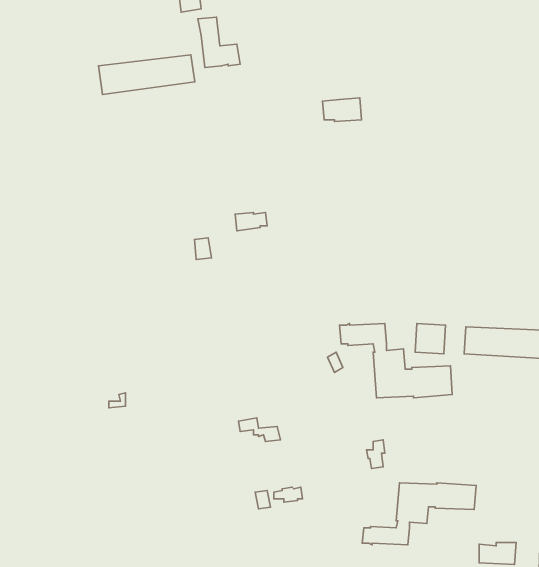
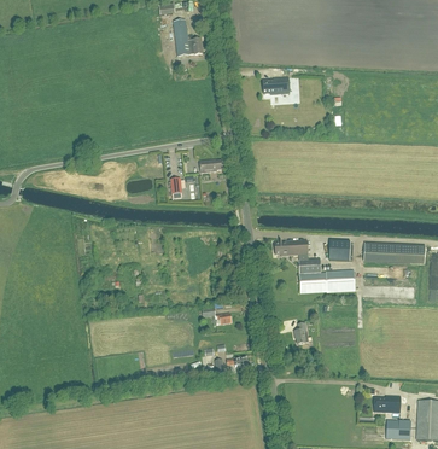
building: [99,55,195,95] -> none
building: [362,483,476,545] -> none

